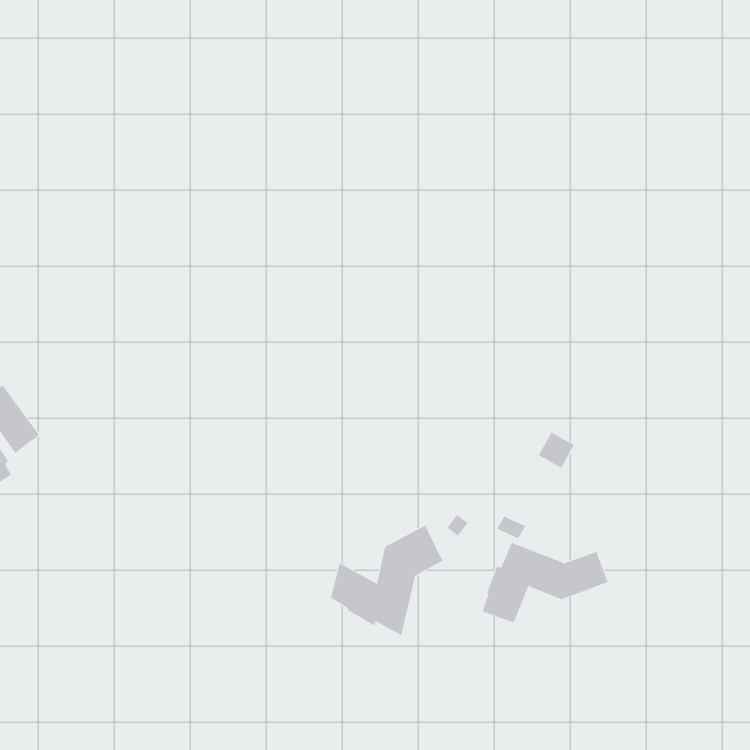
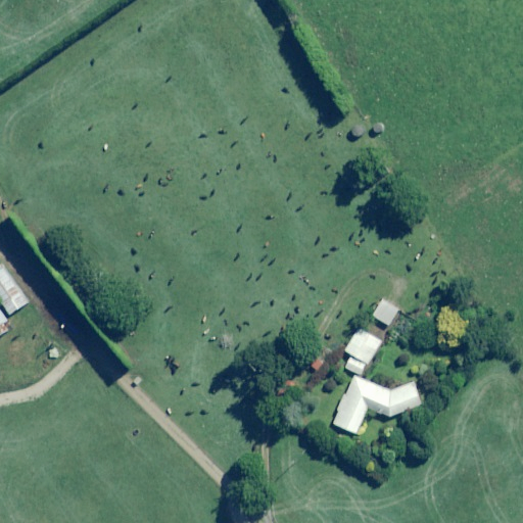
building: none -> [345,328,381,364]
building: [330,525,443,636] -> none

